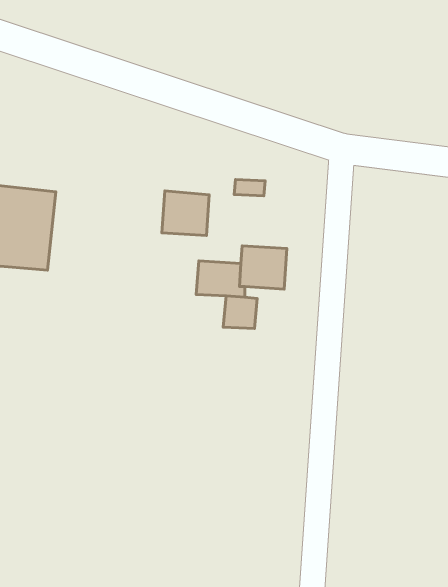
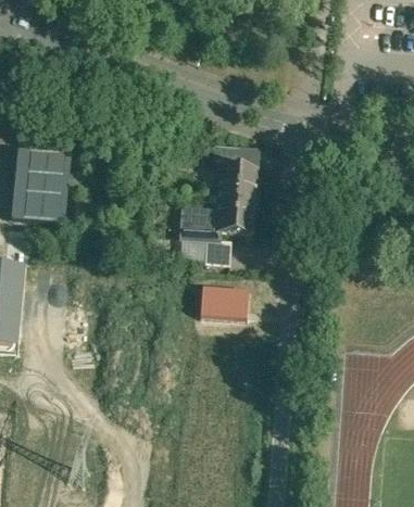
building: [162,191,209,235] -> [218,165,256,201]
building: none -> [199,287,247,319]

